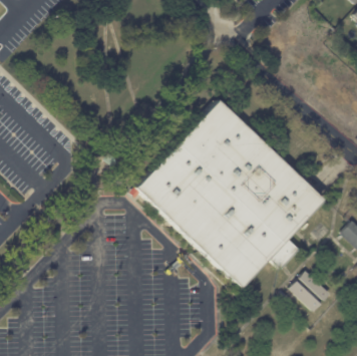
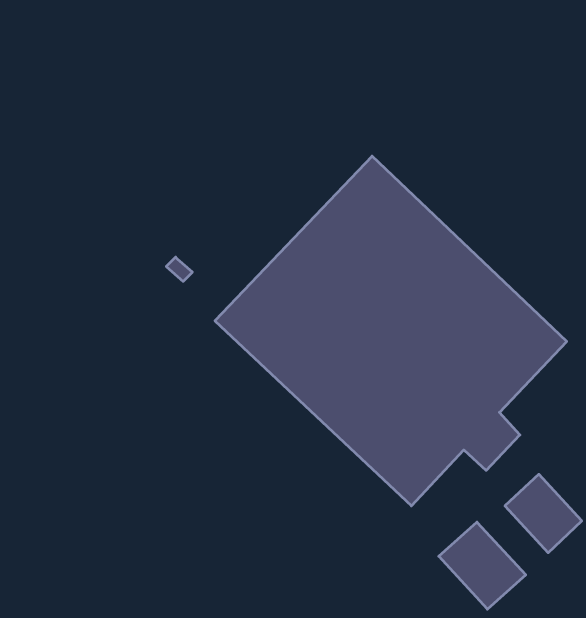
building: none -> [439,522,526,609]

